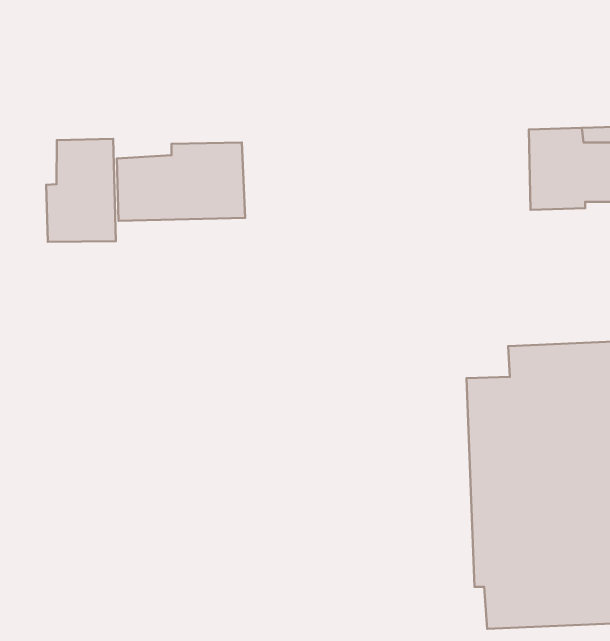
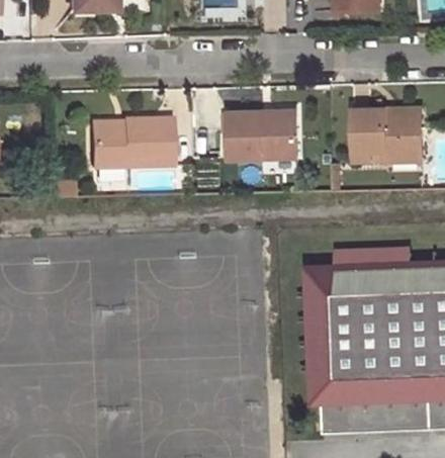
building: none -> [224,112,294,159]
building: [46,139,116,242] -> none

